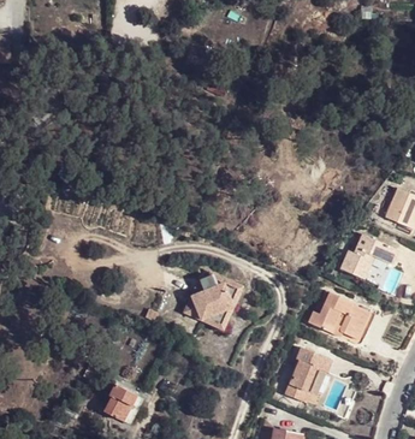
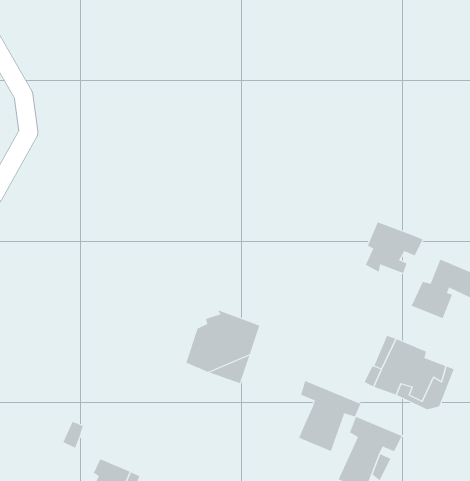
building: none -> [365,222,423,274]
building: none -> [298,380,361,452]

